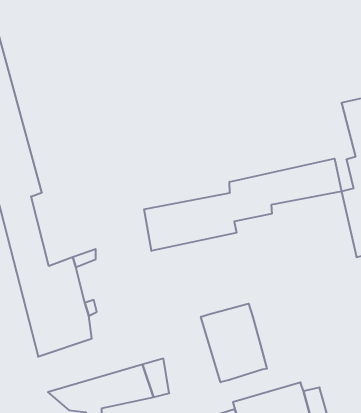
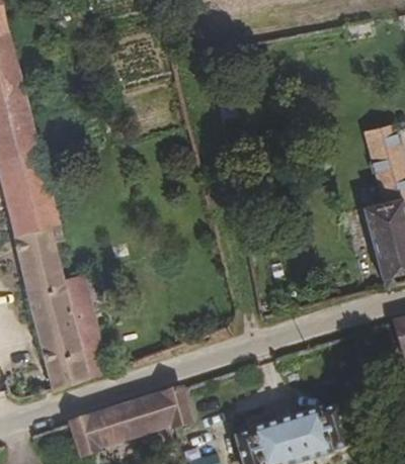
building: [144,159,341,251] -> none
building: [201,304,267,382] -> none

